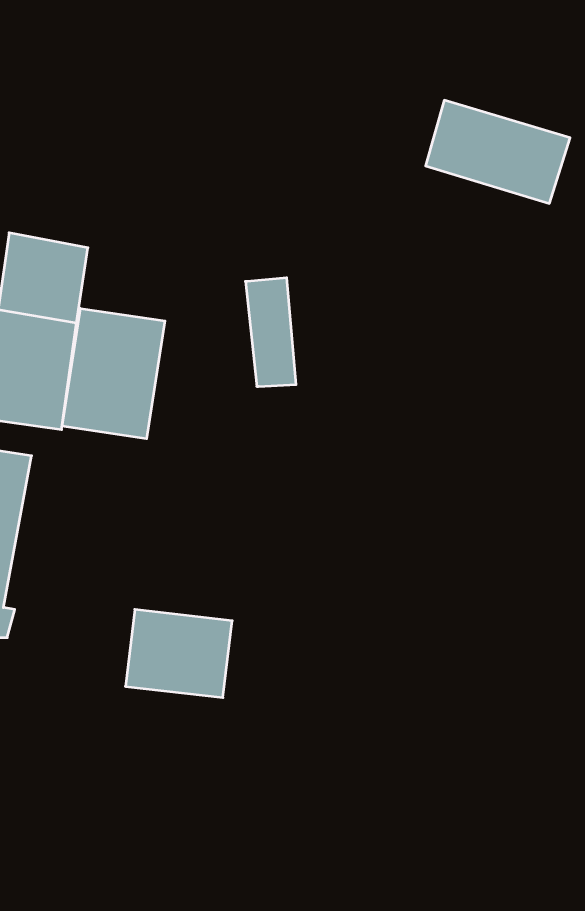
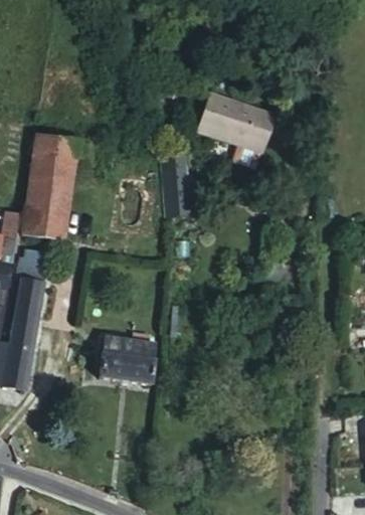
building: [426,100,570,203] -> [200,93,278,148]
building: [62,308,165,439] -> none

